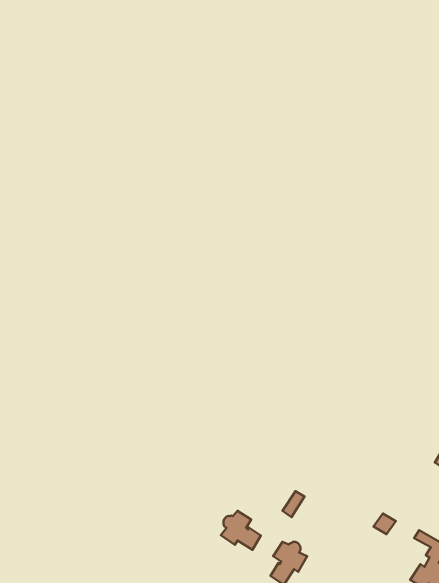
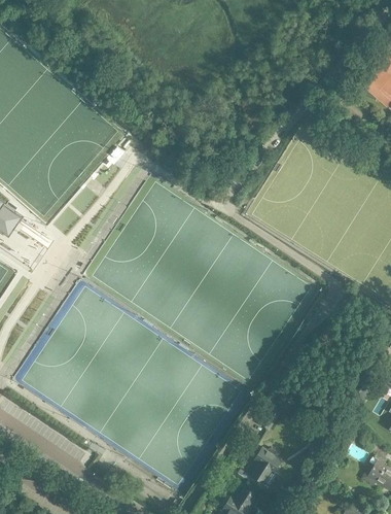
building: [221,511,261,550] -> none

